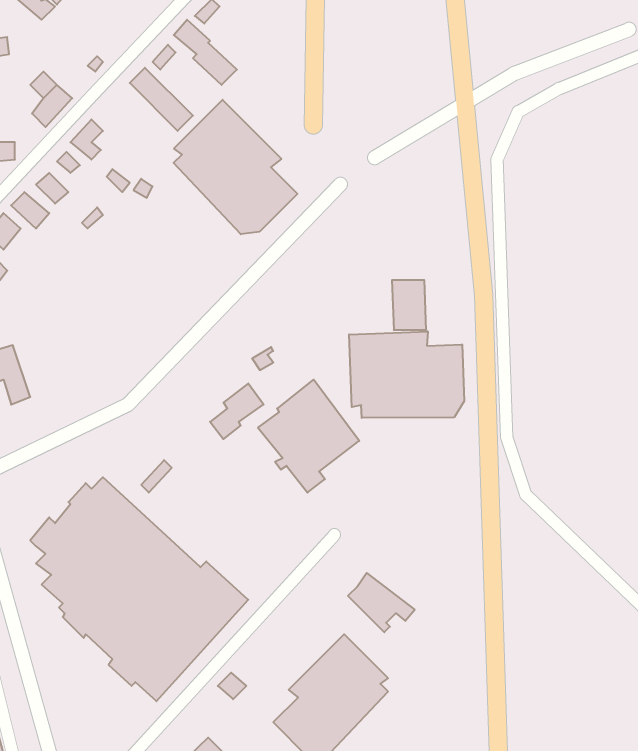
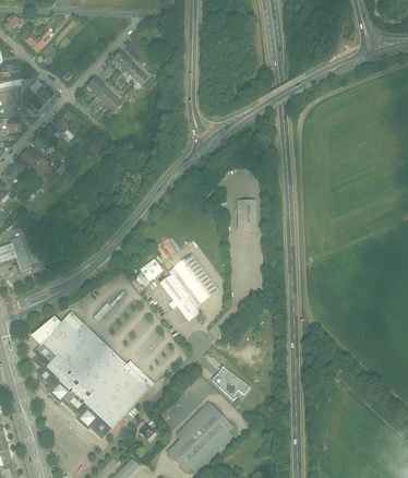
building: [174,100,297,234] -> none
building: [349,331,464,418] -> none

